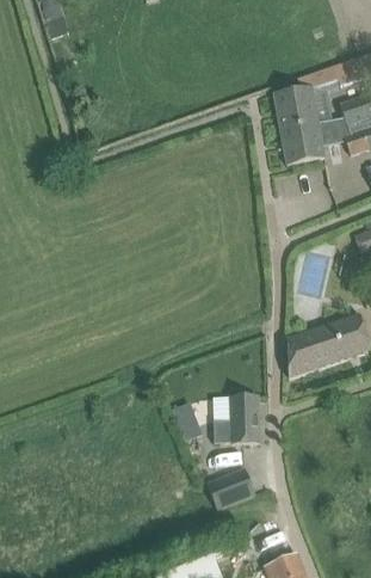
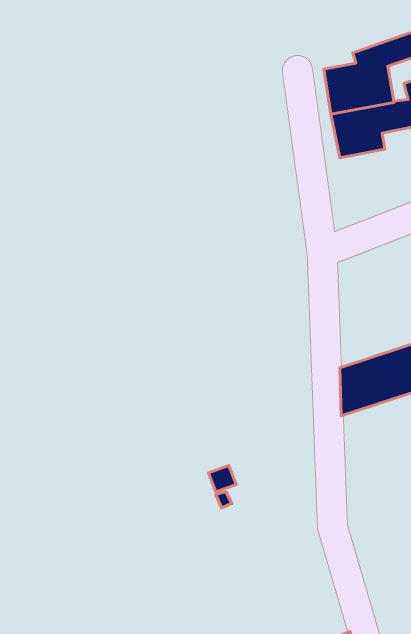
building: [214,394,260,443] -> none
building: [206,468,255,509] -> none

